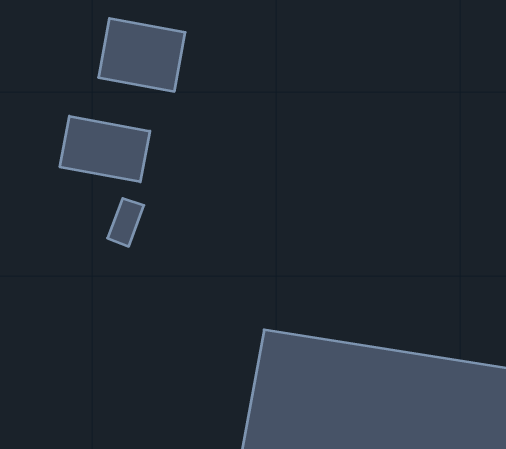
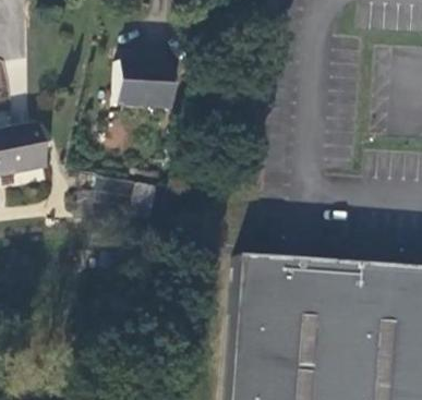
building: [60,116,150,182] -> none

